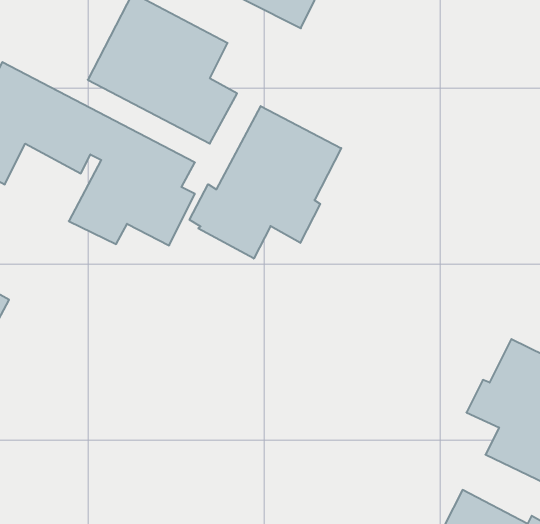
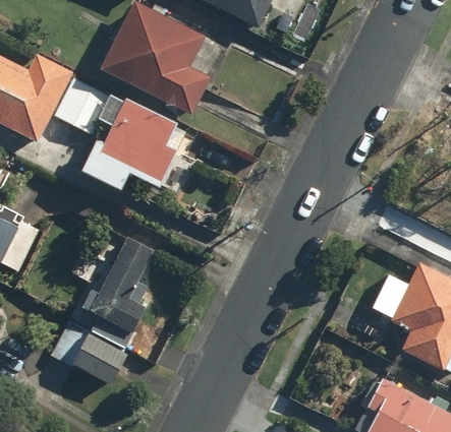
building: [190,106,341,259] -> none
building: none -> [48,237,156,385]

